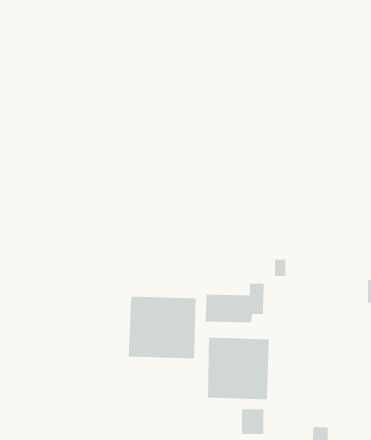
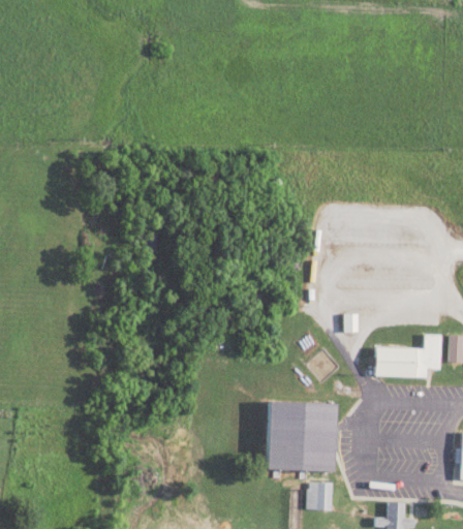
building: [205,283,265,323] -> [374,334,441,378]
building: [128,296,196,359] -> none

